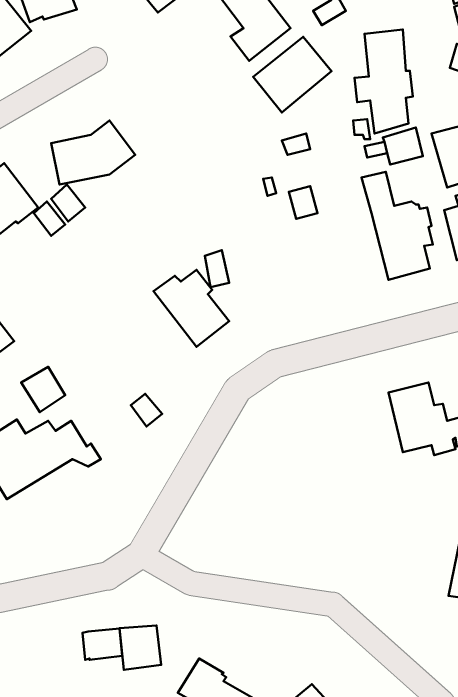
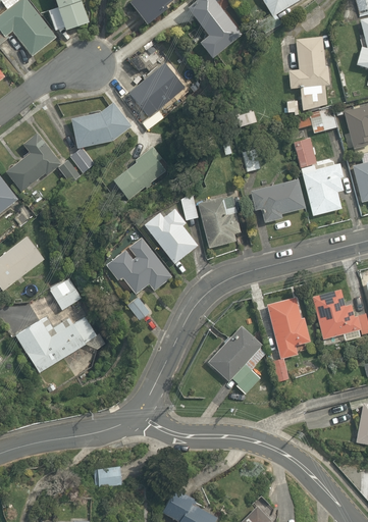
building: [253,37,332,112] -> [128,62,185,116]
building: none -> [113,146,166,199]
building: none -> [250,177,306,222]
building: none -> [197,196,241,247]
building: none -> [106,237,172,294]
building: none -> [265,296,310,358]
building: none -> [207,324,266,394]
building: [119,625,161,670] -> none

